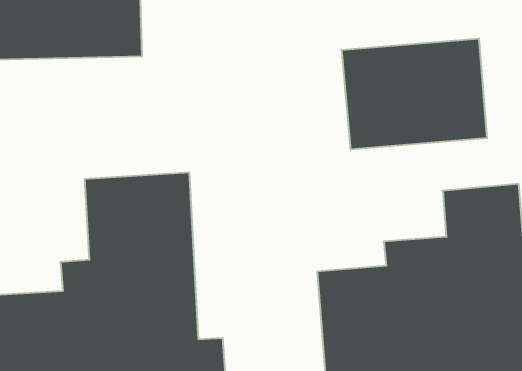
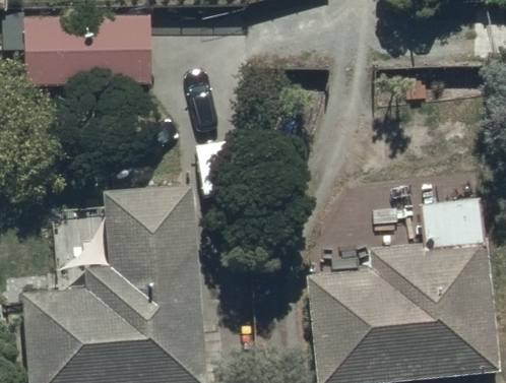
building: [342,38,487,150] -> none

